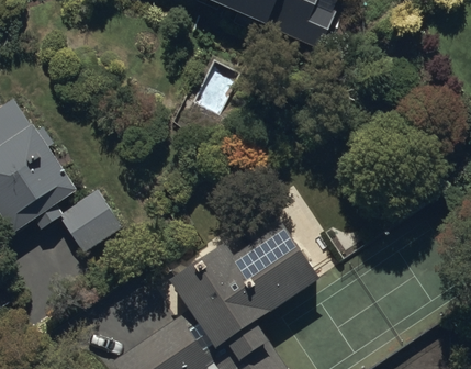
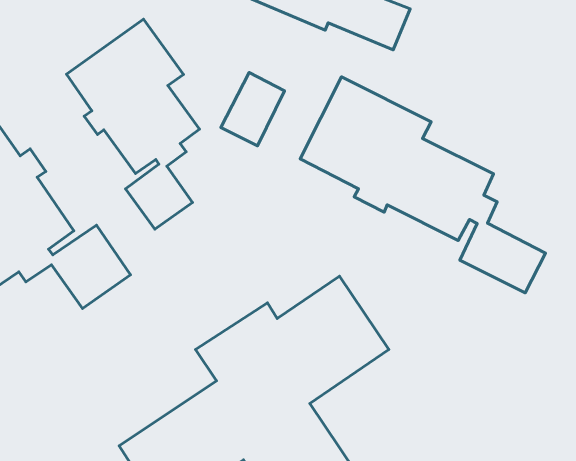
building: none -> [66,19,199,229]
building: none -> [300,77,546,293]

